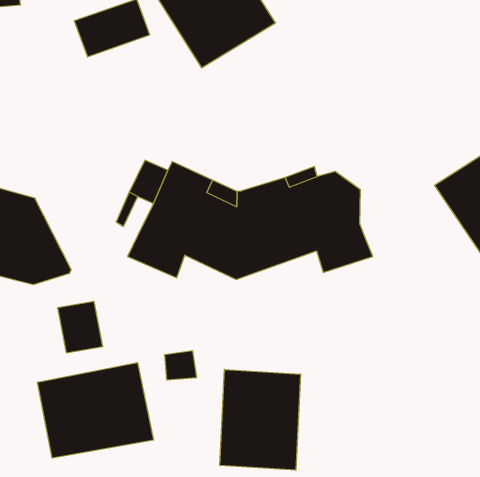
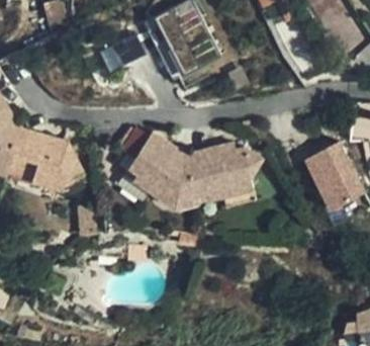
building: [38,363,153,458] -> none
building: [220,369,300,470] -> none

